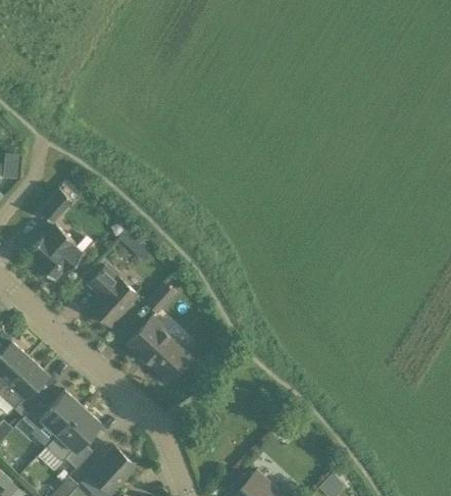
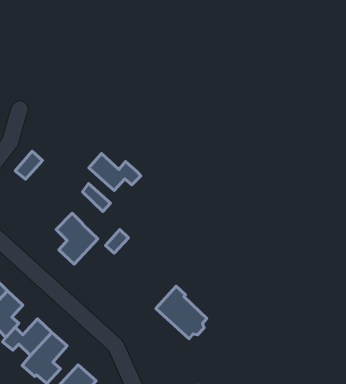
building: none -> [89,153,141,191]
building: [29,227,82,282] -> none
building: [128,317,189,381] -> [156,286,207,339]

